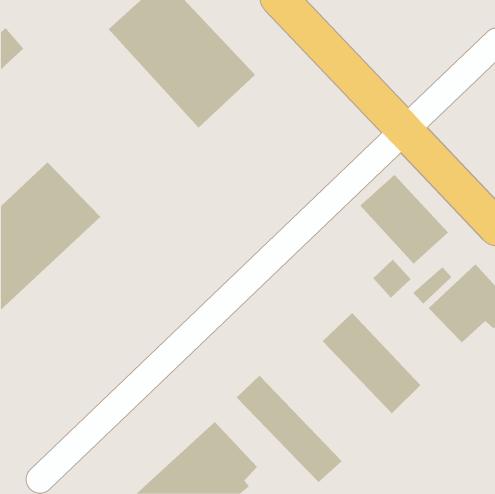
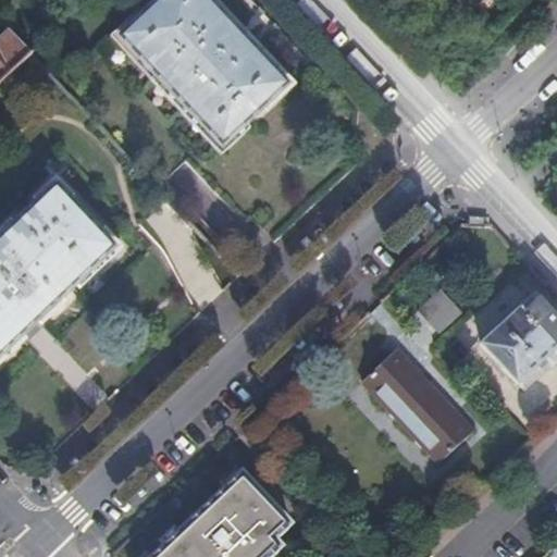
building: [359,174,449,265] -> none
building: [236,375,342,483] -> none

